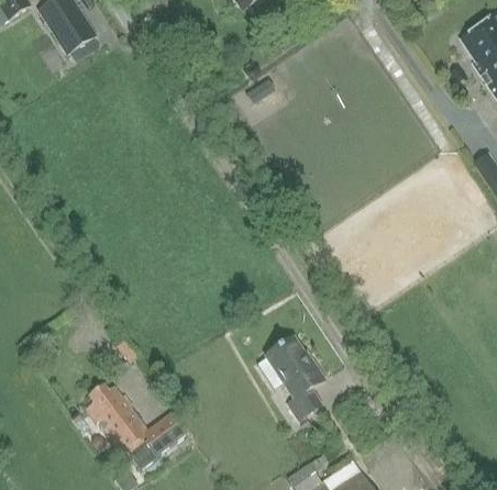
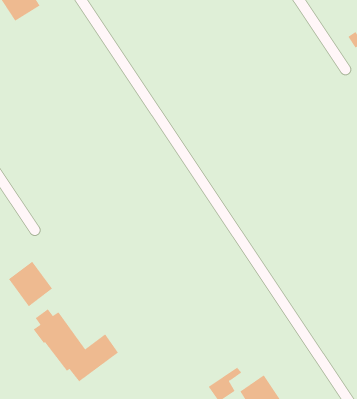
building: none -> [8,261,53,307]
building: [265,336,324,420] -> none

